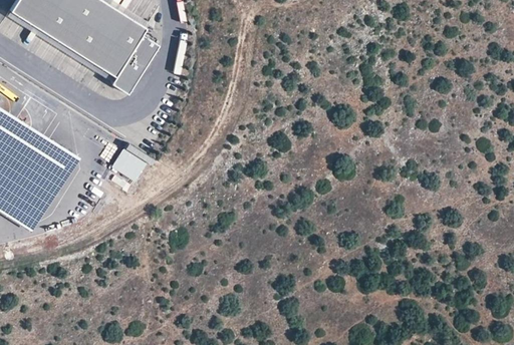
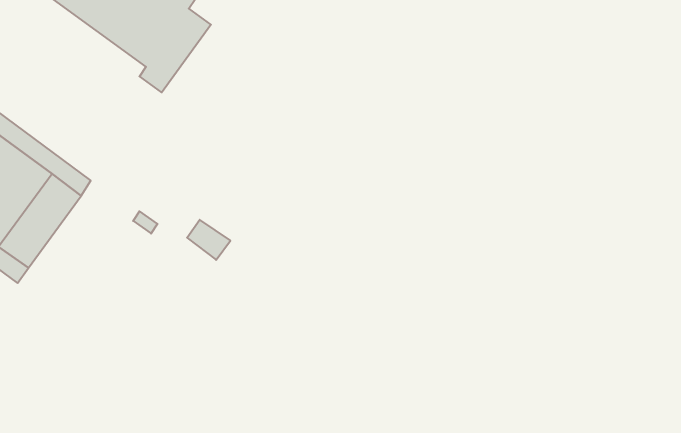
building: [111,152,142,180] -> [187,220,230,260]

